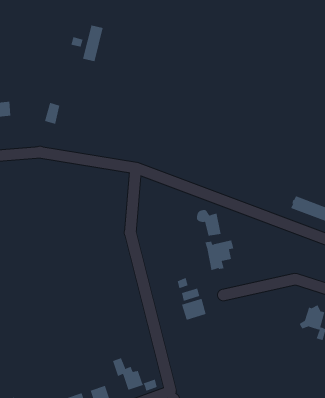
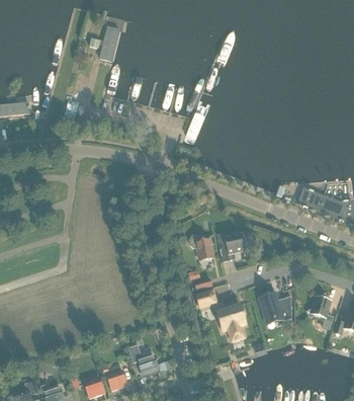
building: [196,210,222,236] -> [188,235,212,260]
building: none -> [258,293,290,326]
building: none -> [215,304,245,336]

